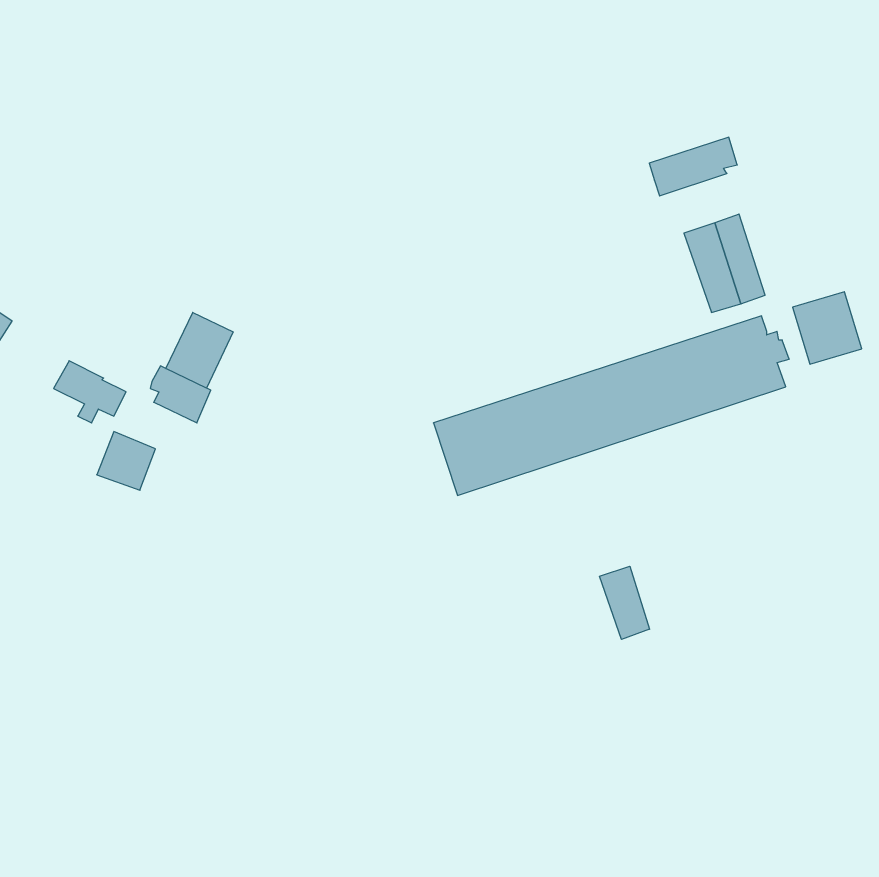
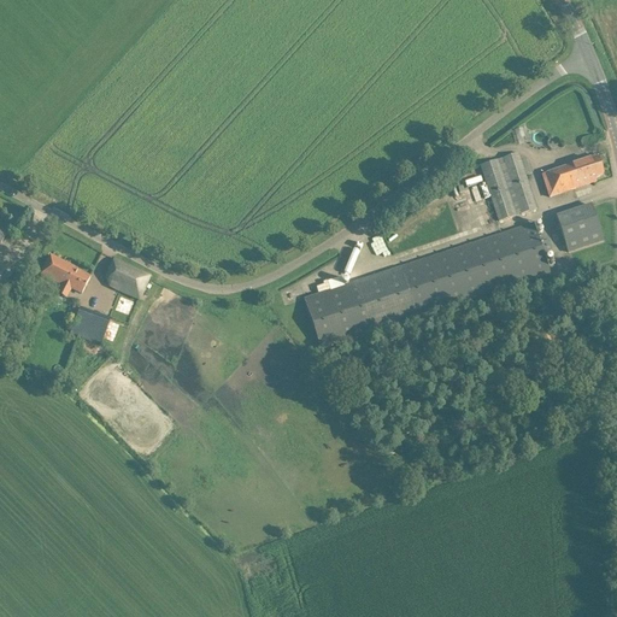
building: [649,137,737,196] -> [540,153,601,194]
building: [166,312,233,388] -> none
building: [599,566,650,639] -> none

